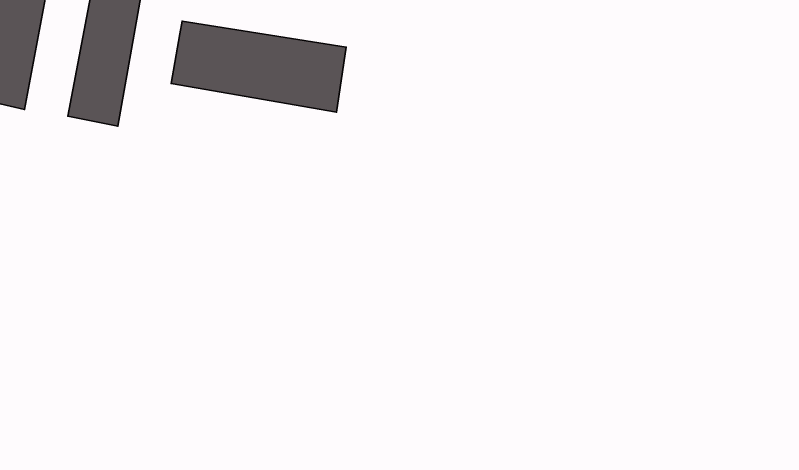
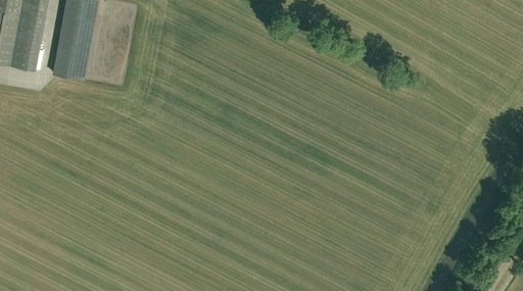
building: [171,21,346,112] -> none

